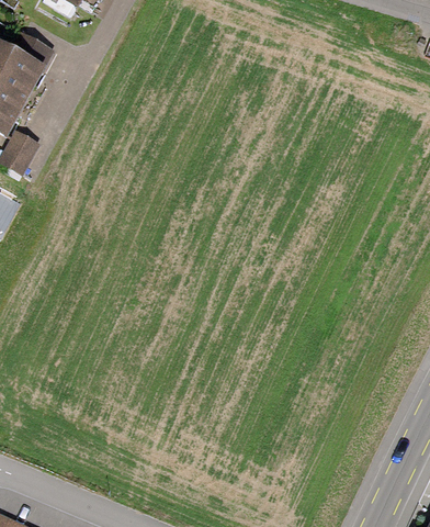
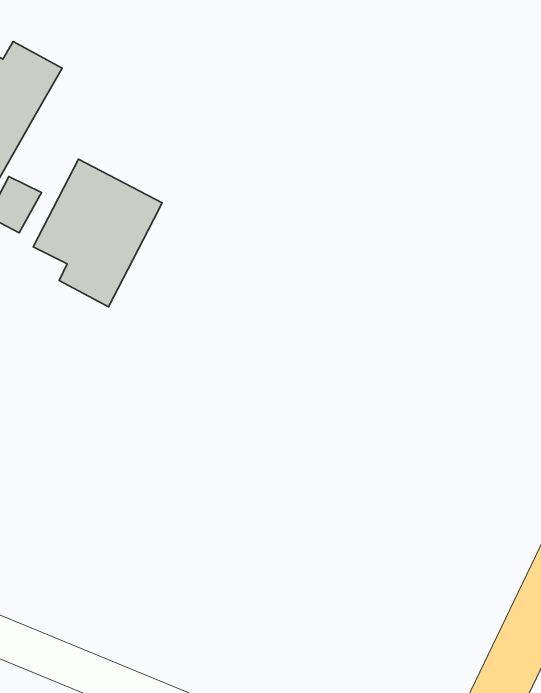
building: none -> [33,159,162,307]

